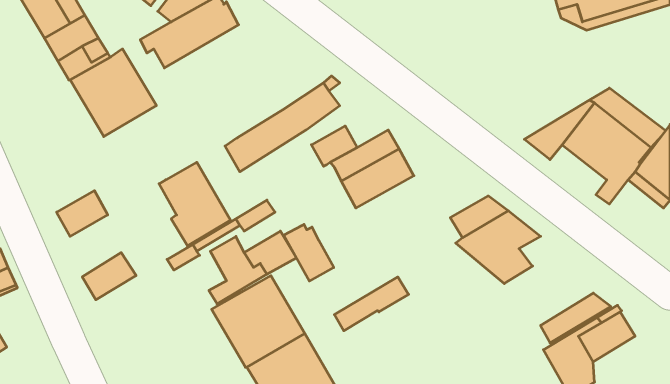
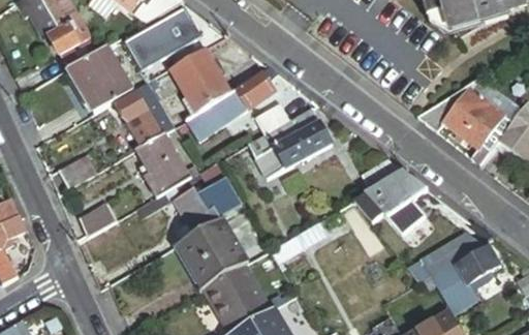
building: none -> [168,48,230,114]
building: none -> [117,82,173,146]
building: [284,224,334,281] -> [248,134,286,178]

